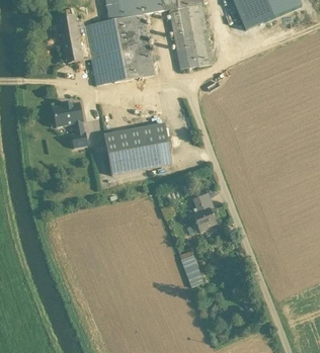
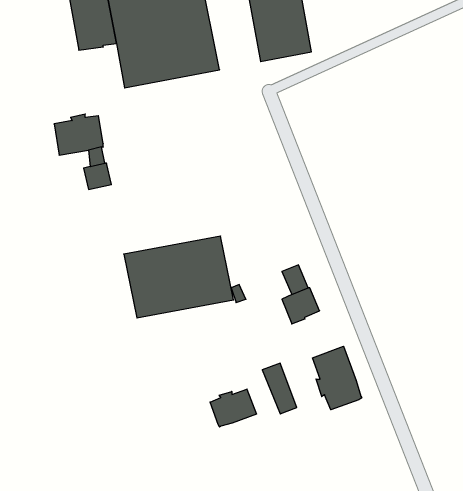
building: [102,122,170,173] -> [124,236,234,318]
building: none -> [313,346,362,410]
building: none -> [210,389,256,427]

